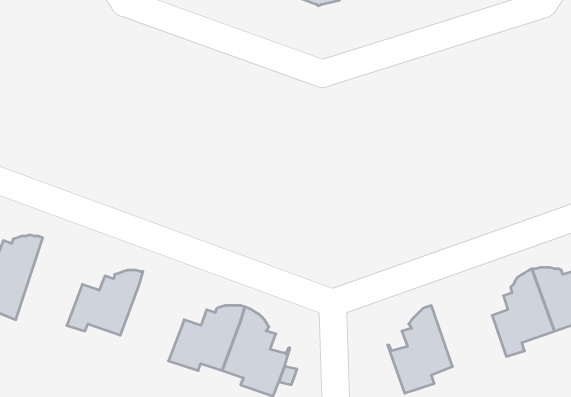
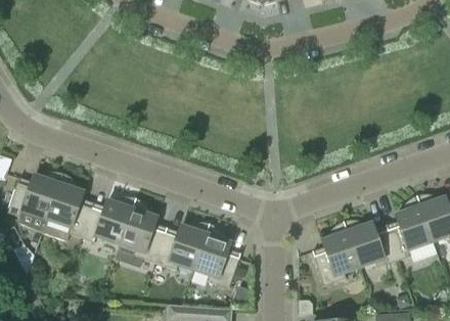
building: none -> [42,174,90,241]
building: none -> [118,198,164,263]
building: none -> [343,221,397,268]

